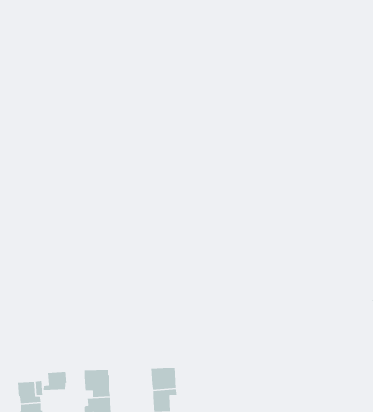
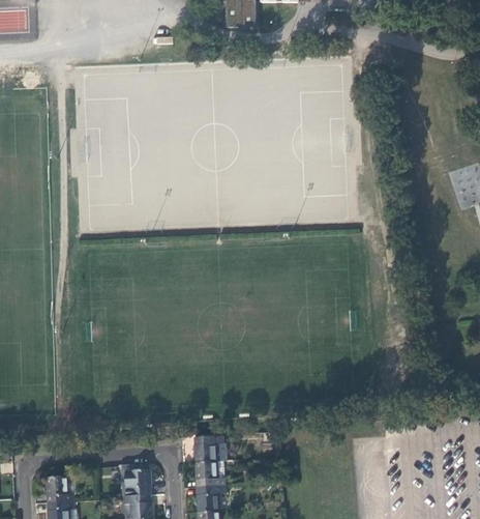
building: none -> [193,436,226,463]
building: [43,371,67,391] -> none

